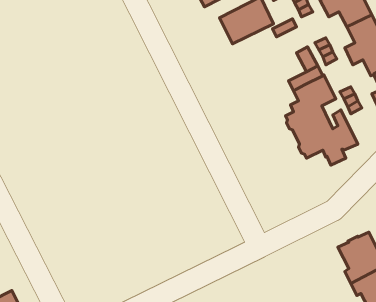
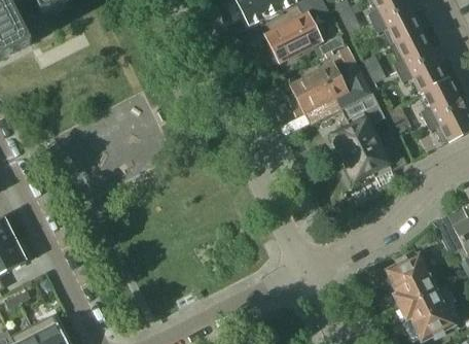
building: none -> [292,63,348,110]

